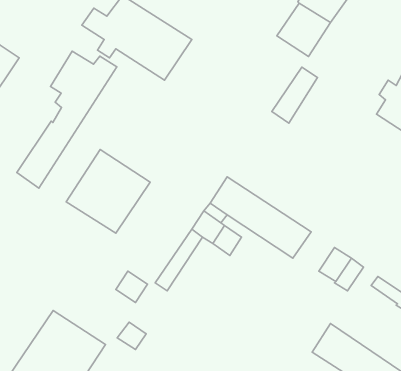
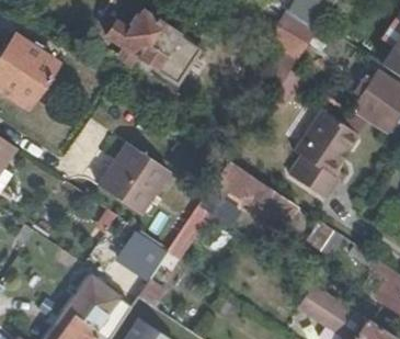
building: [17,51,117,188] -> none
building: none -> [290,111,358,201]

